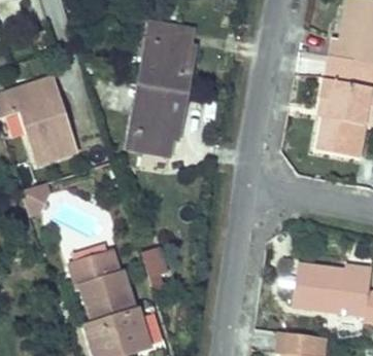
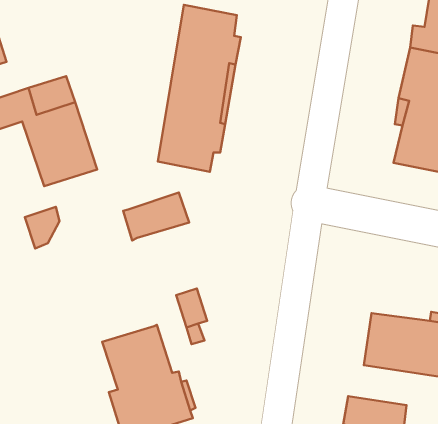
building: [72,251,125,289] -> [123,193,189,241]

